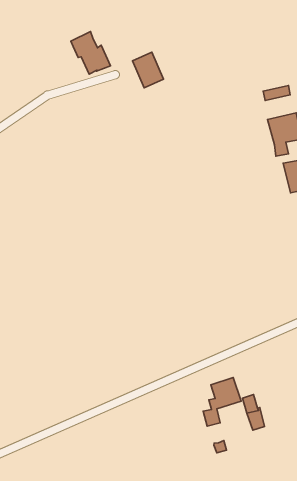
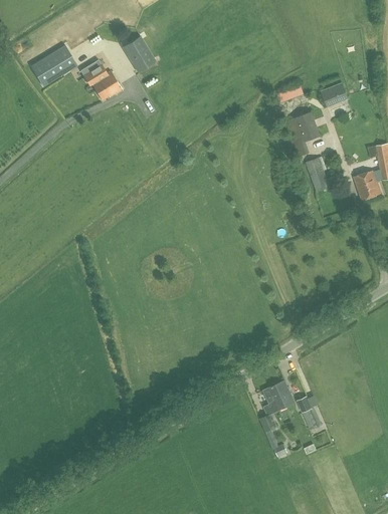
building: none -> [30,44,76,86]
building: [132,52,164,88] -> [122,36,155,72]

